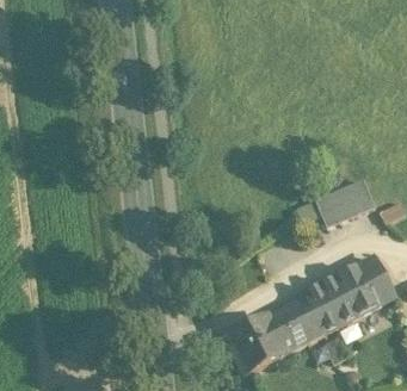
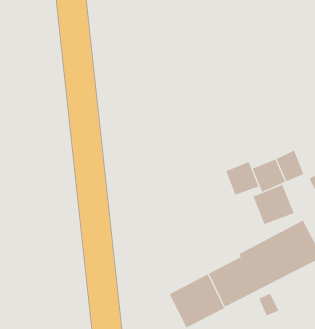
building: none -> [225,161,259,195]
building: none -> [253,184,294,225]

